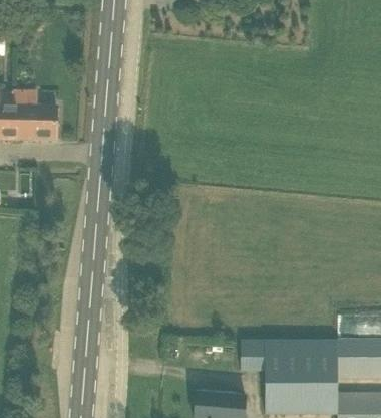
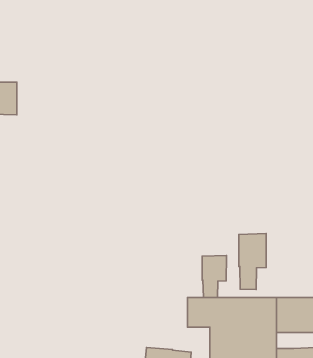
building: none -> [239,233,266,290]
building: none -> [202,255,226,297]

